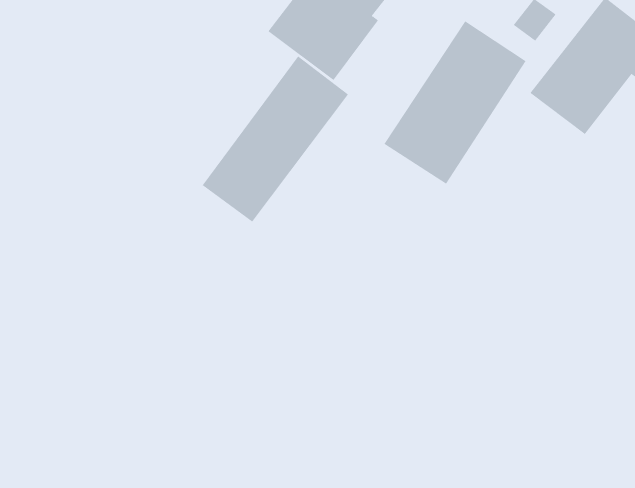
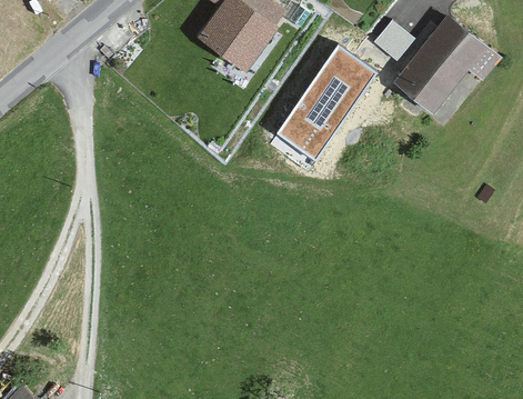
building: [202,55,349,223] -> none

